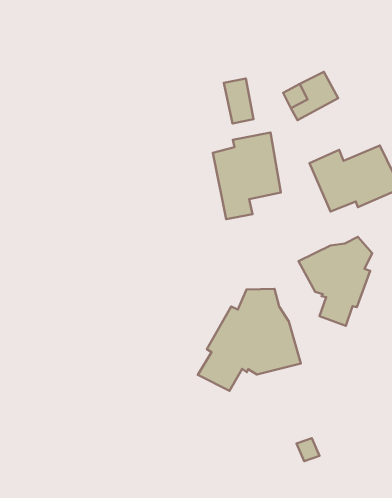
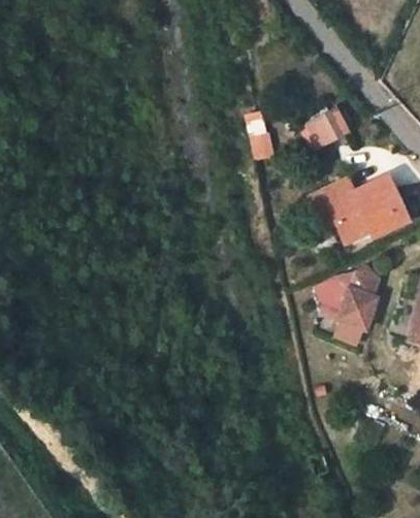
building: [213,132,281,219] -> none
building: [198,289,301,391] -> none

